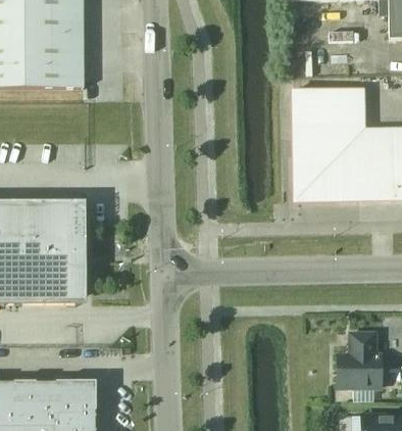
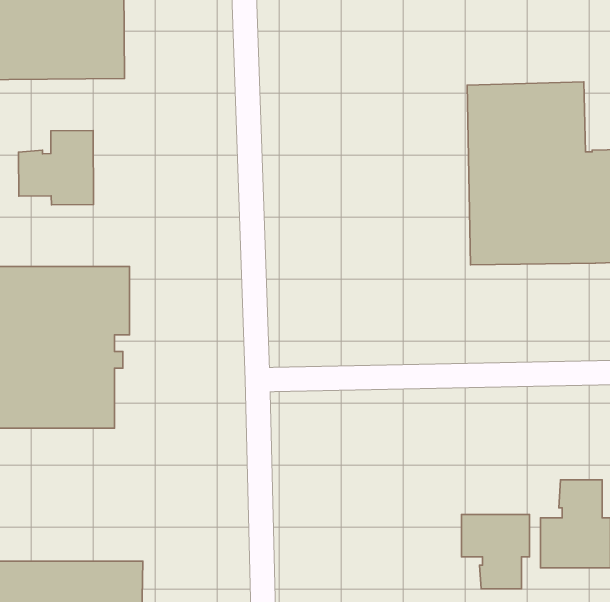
building: none -> [19,130,94,205]
building: none -> [462,515,529,589]

